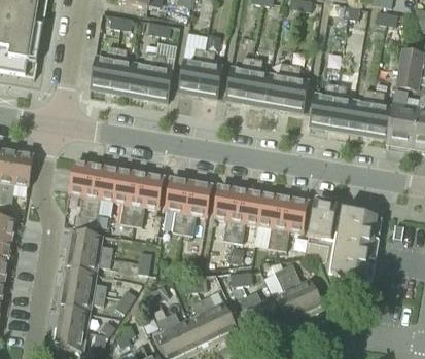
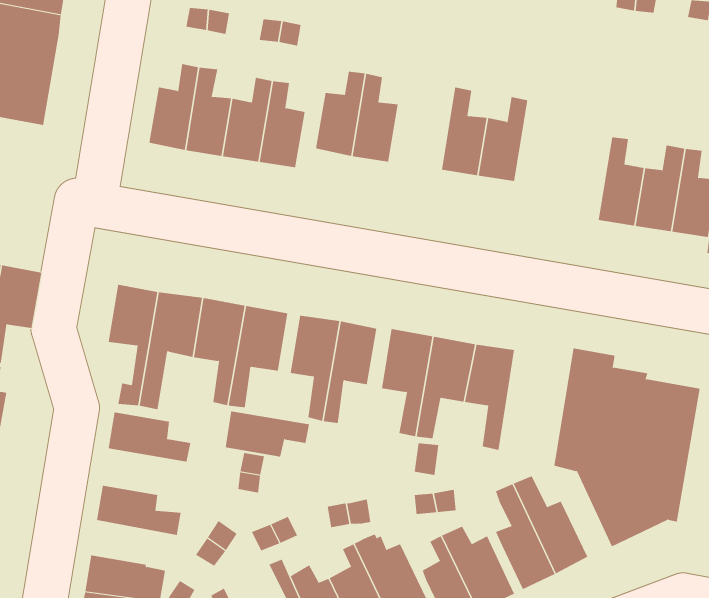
building: [225,56,252,101] -> none
building: [284,64,308,111] -> none
building: [309,81,335,128] -> none
building: [276,196,308,251] -> none
building: [65,249,110,274] -> [225,411,310,457]
building: [59,287,105,311] -> none

